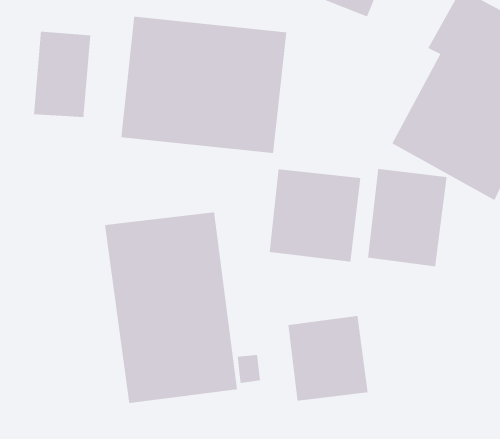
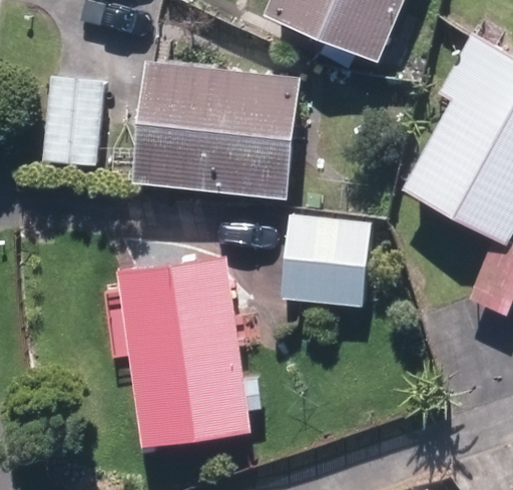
building: [367,168,447,267] -> none
building: [288,315,368,401] -> none

